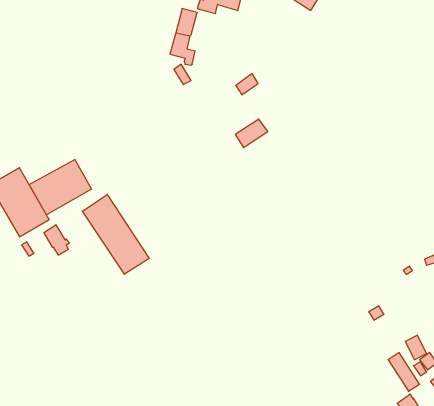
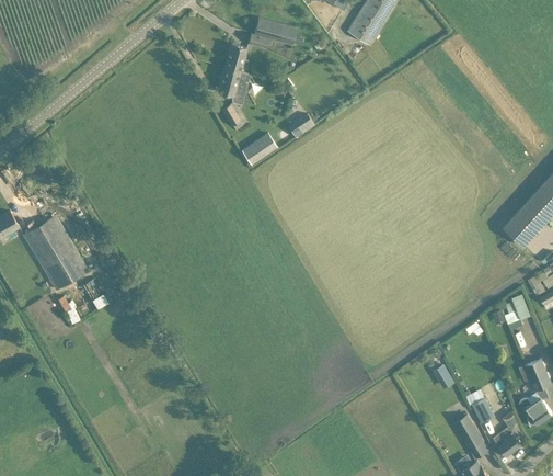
building: [235,119,268,148] -> [241,138,276,169]
building: [29,159,91,215] -> none
building: [82,194,149,274] -> none

